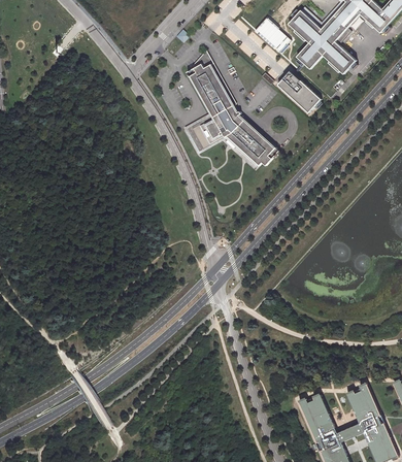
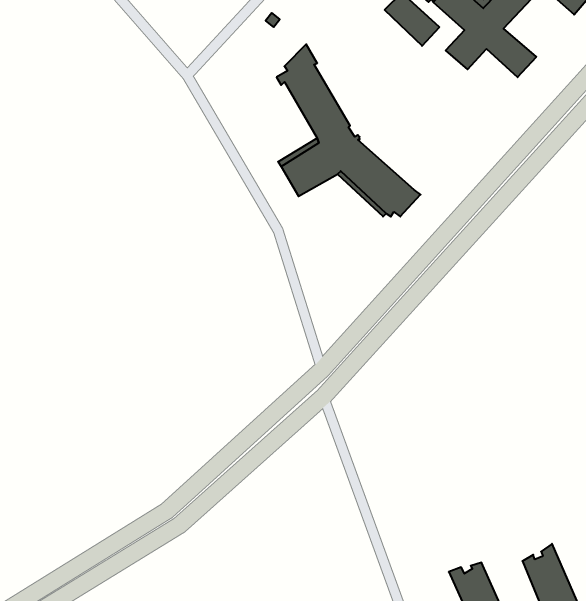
building: [278,72,322,114] -> none

